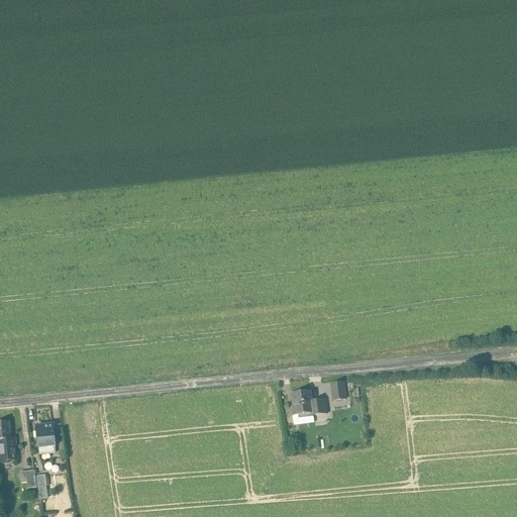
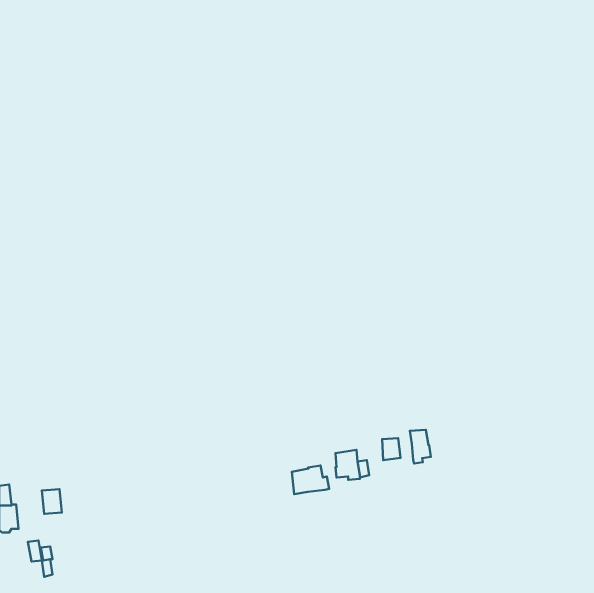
building: none -> [410,430,431,464]
building: none -> [292,465,329,494]

